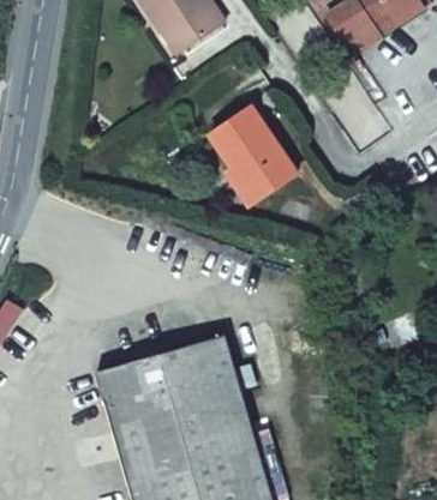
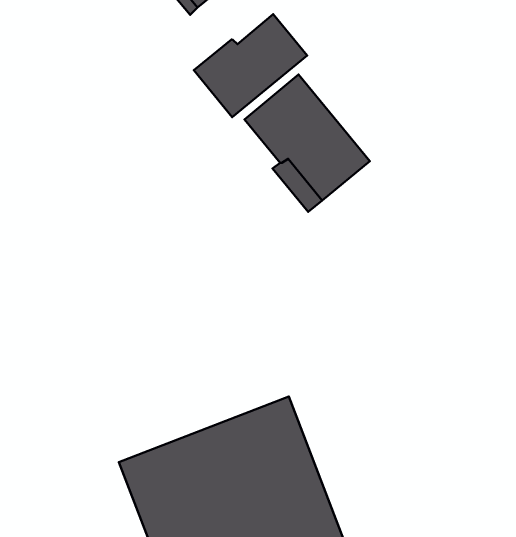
building: none -> [194,14,307,117]

